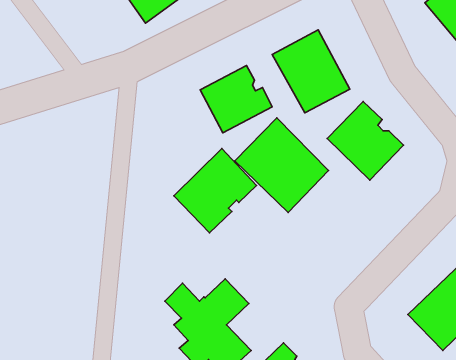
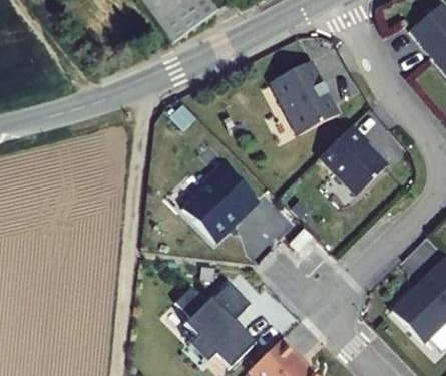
building: [200,65,272,133] -> none
building: [235,118,329,212] -> none

